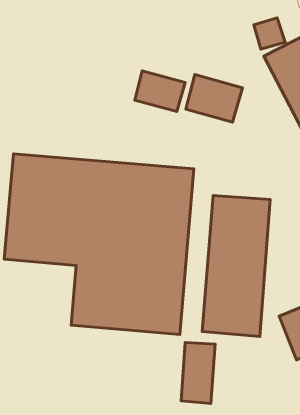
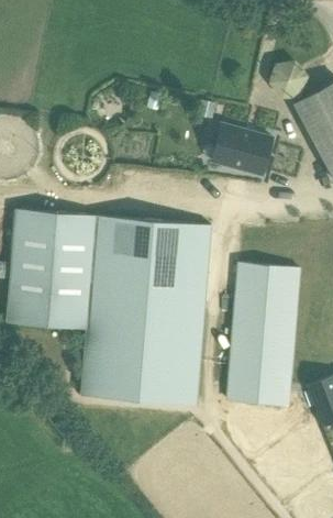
building: [135,71,185,112] -> none
building: [181,343,215,403] -> none

